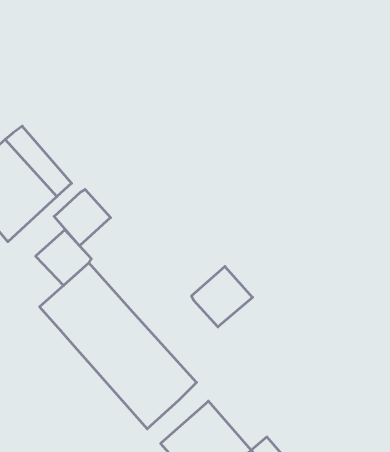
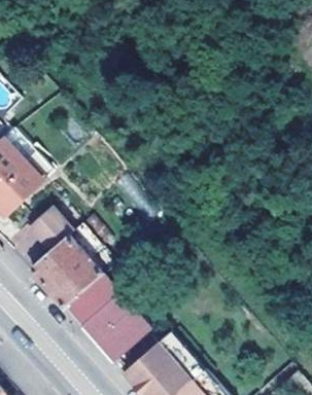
building: [54,189,111,246] -> none
building: [192,266,253,327] -> none

